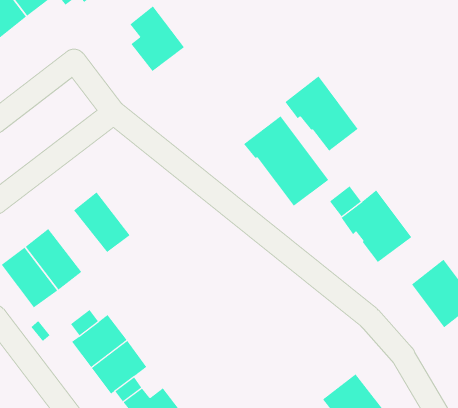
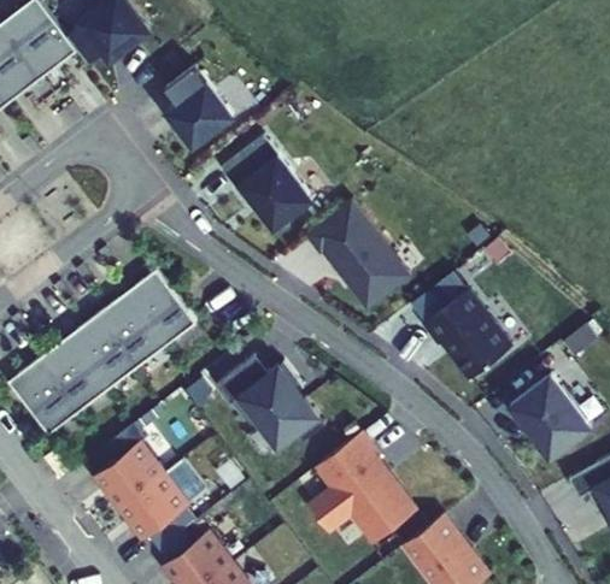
building: [284,75,358,152] -> [222,135,312,228]
building: none -> [127,269,197,344]
building: none -> [68,314,139,389]
building: none -> [216,354,325,446]
building: none -> [309,430,416,543]

